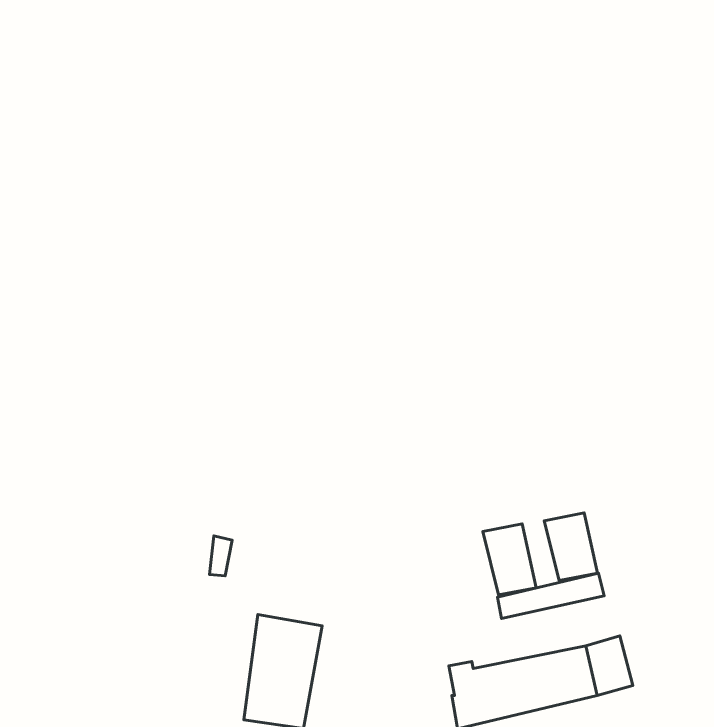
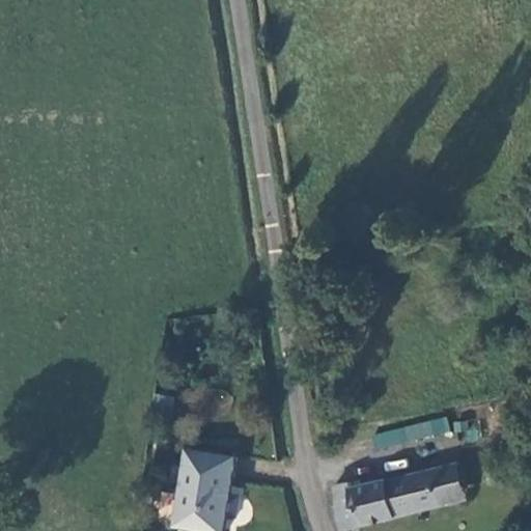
building: [544,513,598,580] -> none
building: [483,524,536,595] -> none

